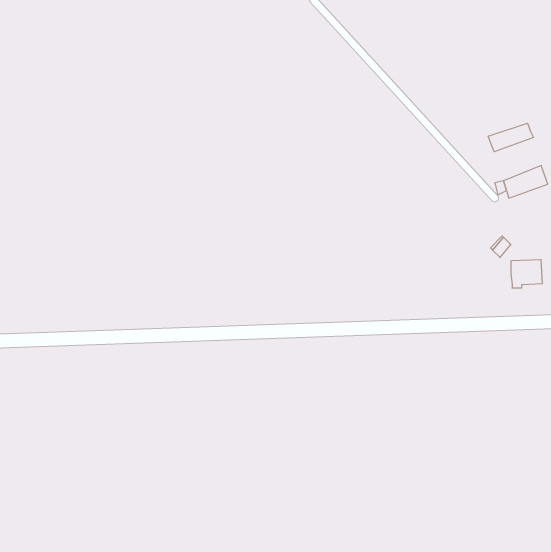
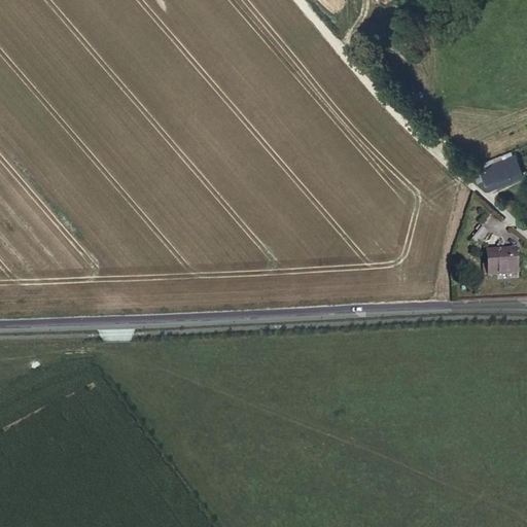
building: [488,123,533,152] -> none

